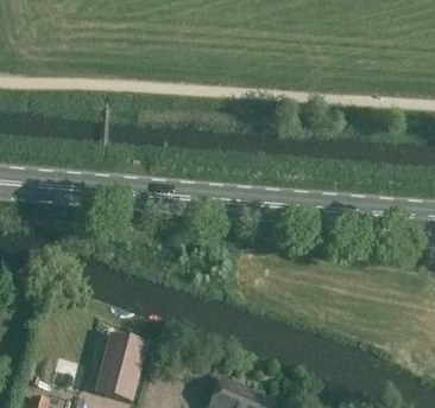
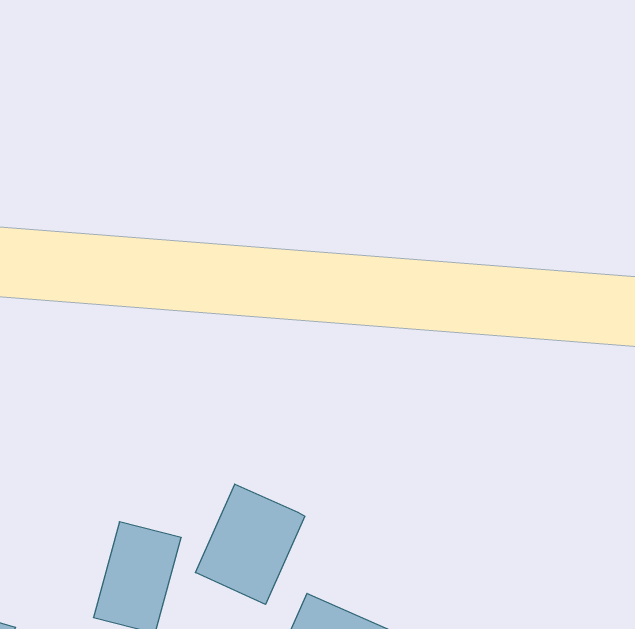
building: none -> [195,484,305,604]

